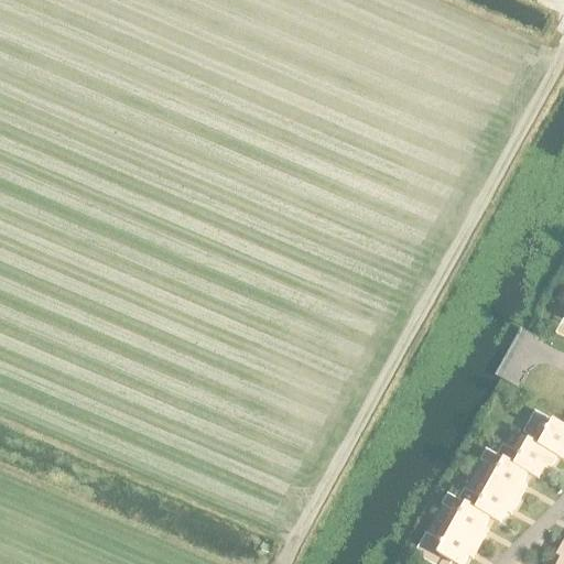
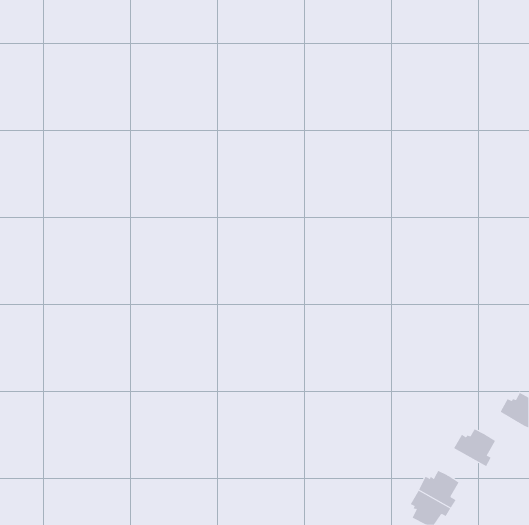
building: [512,432,555,474] -> none
building: [474,476,517,518] -> none

